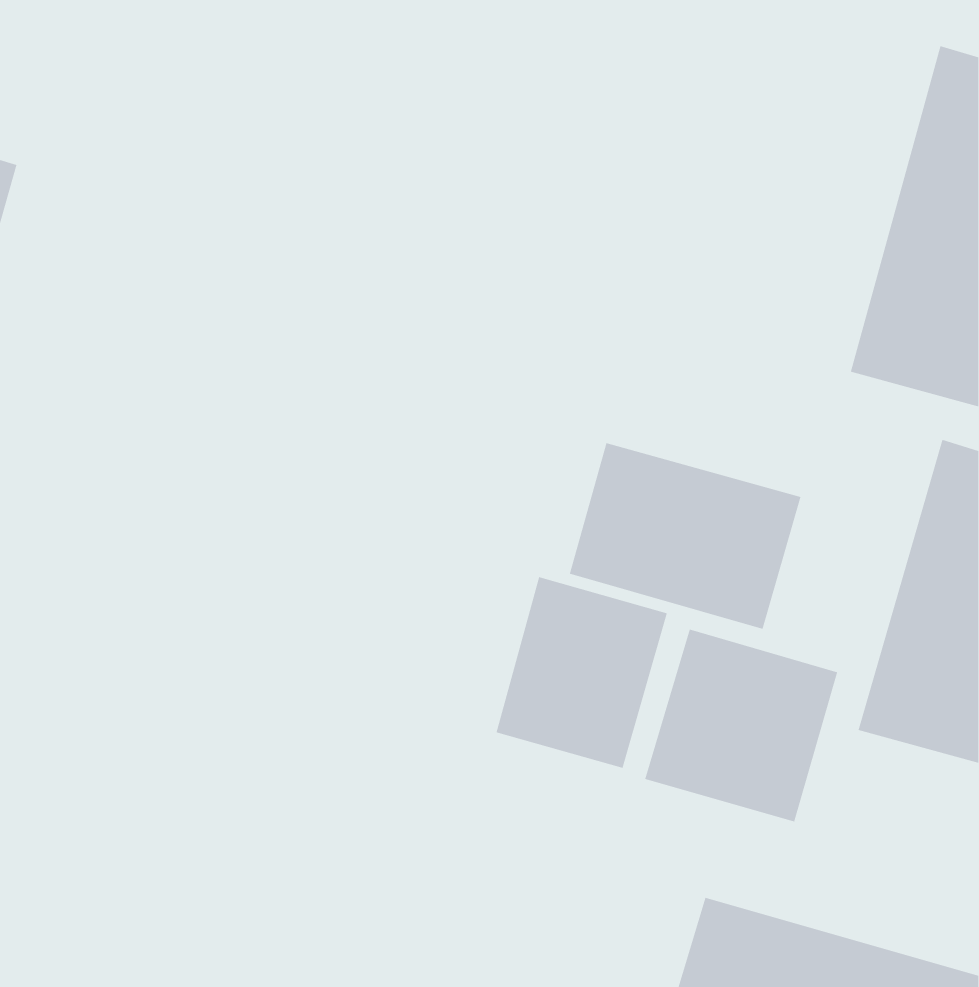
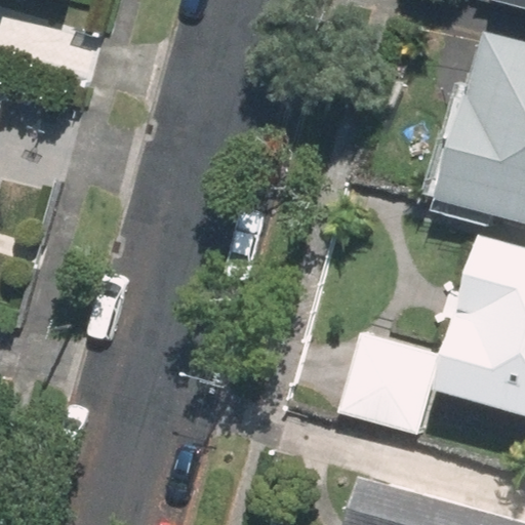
building: [569,442,801,630] -> none
building: [495,576,668,769] -> none

